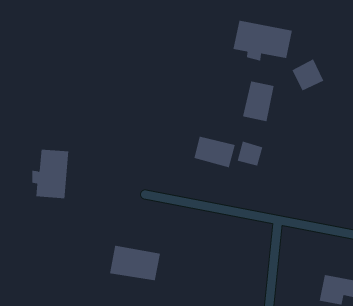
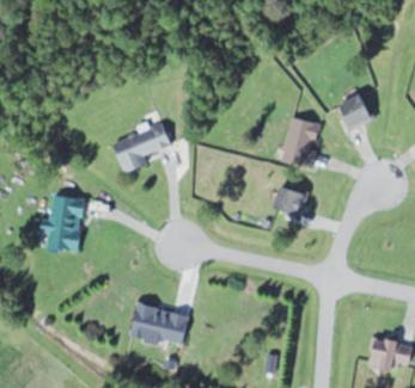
building: [233,20,292,62] -> none
building: none -> [112,125,170,172]
building: [194,136,236,168] -> none

